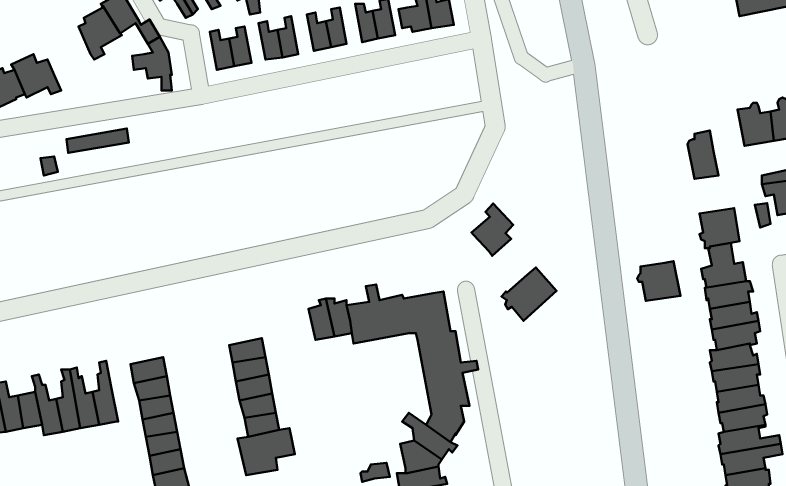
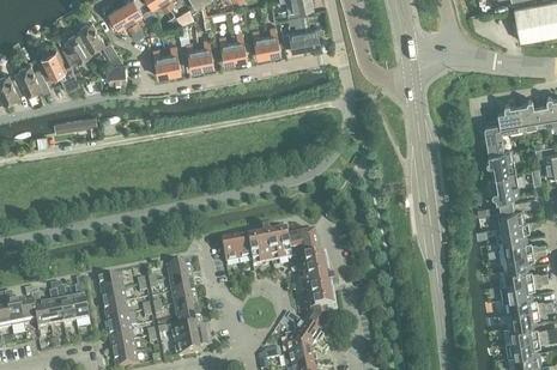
building: none -> [41,51,80,93]
building: none -> [498,104,523,134]
building: [472,203,513,256] -> none
building: [637,261,680,301] -> [486,150,516,177]
building: [501,268,557,321] -> none

